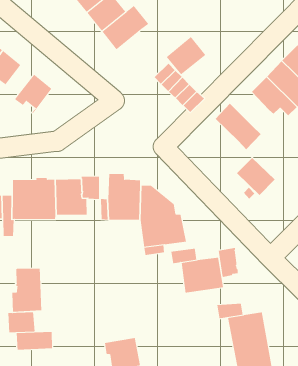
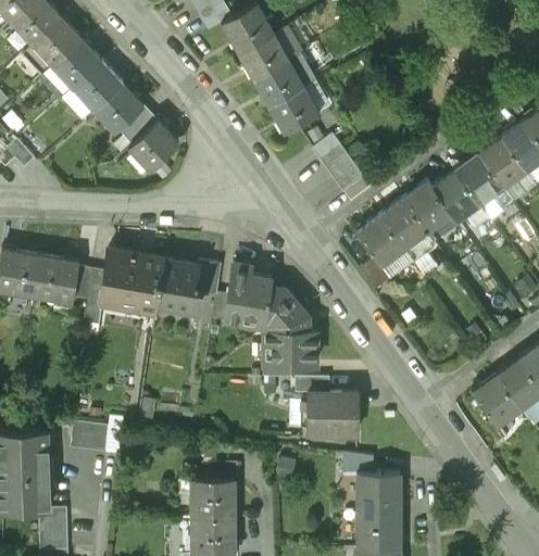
building: [166,36,206,75] -> [268,86,321,134]
building: none -> [118,106,158,144]
building: none -> [403,182,451,233]
building: [236,157,275,196] -> [356,216,405,267]
building: [218,247,238,278] -> none
building: [11,268,42,313] -> none
building: [16,331,53,351] -> none

